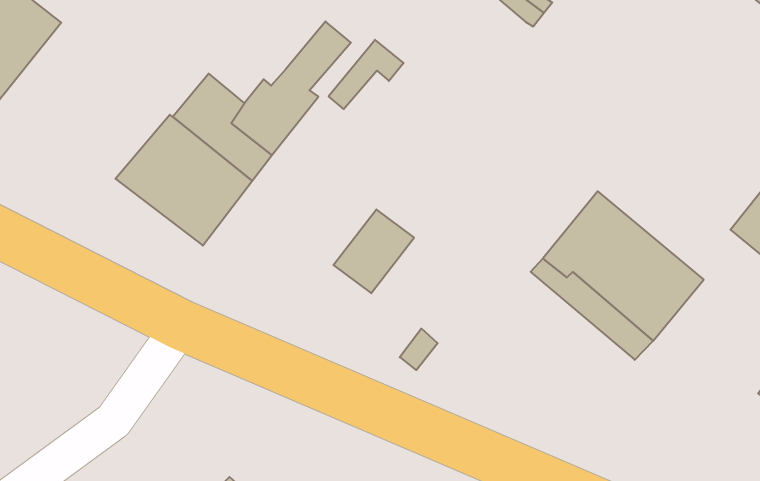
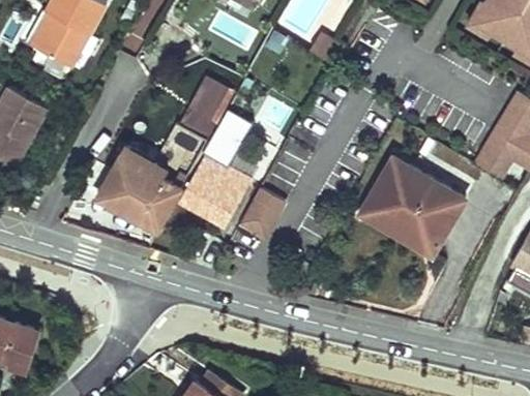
building: none -> [179,139,249,225]

